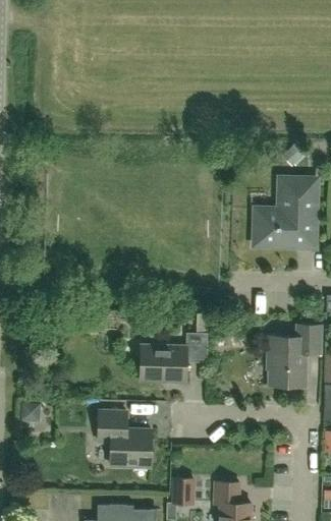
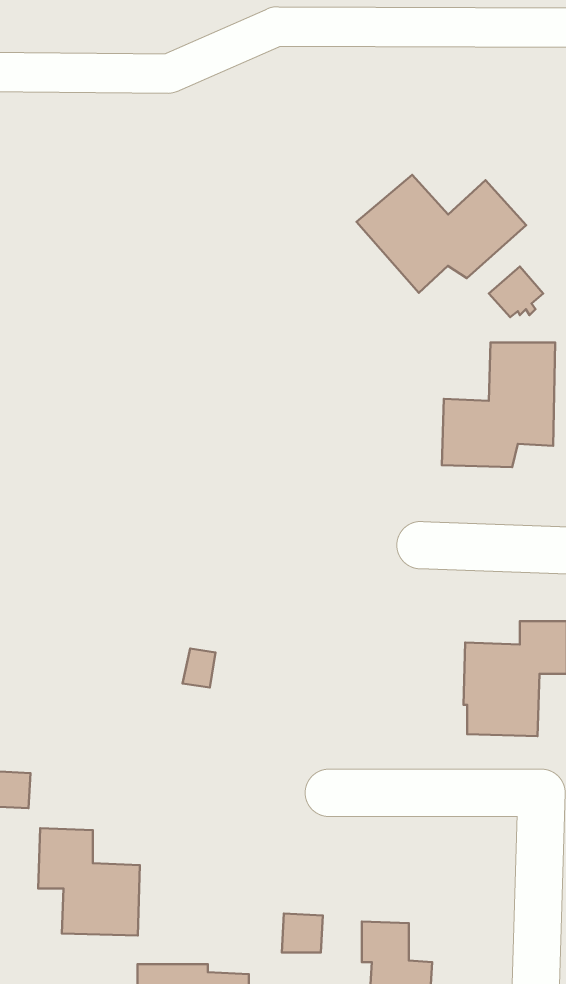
building: none -> [357,175,526,293]
building: [140,334,207,383] -> none
building: [98,411,151,467] -> [38,828,140,935]

